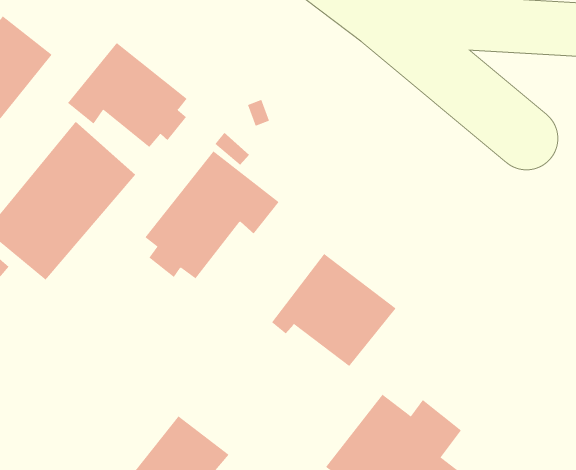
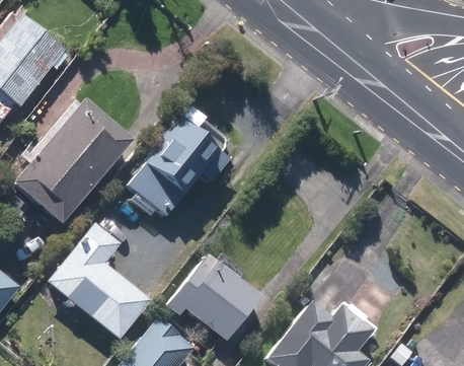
building: [67,42,188,148] -> none
building: [271,253,397,367] -> [168,253,262,339]
building: none -> [46,222,149,338]

